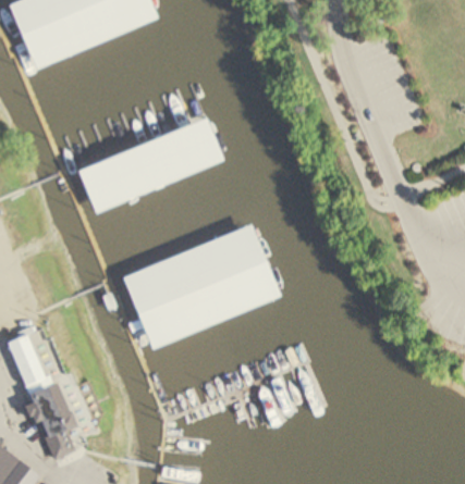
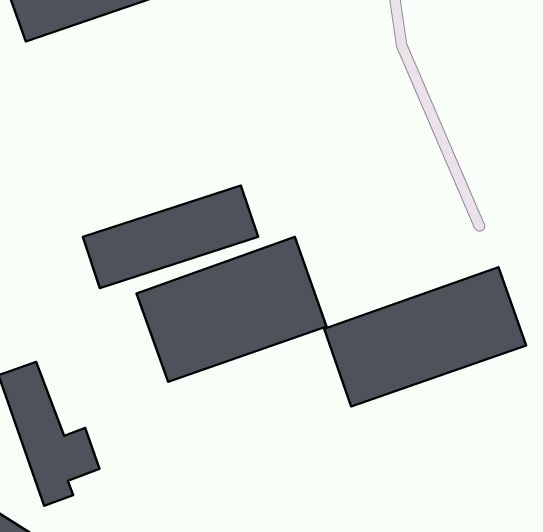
building: [78,123,223,208] -> [83,185,258,288]
building: none -> [324,267,526,407]

